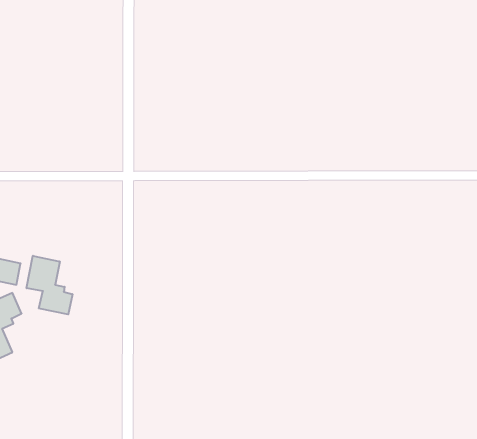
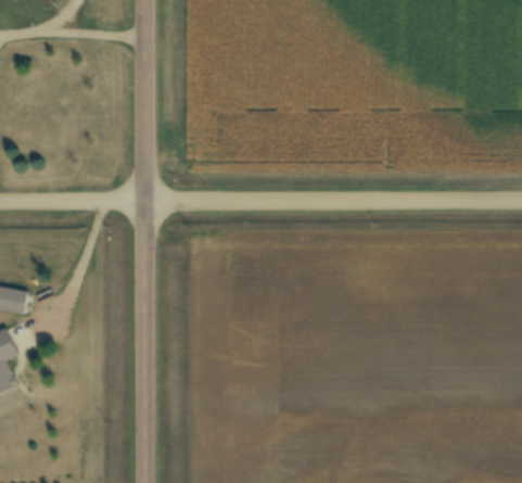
building: [27,256,72,314] -> none

